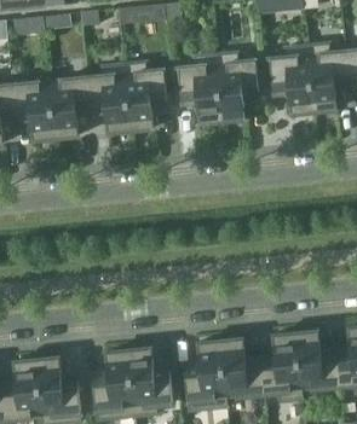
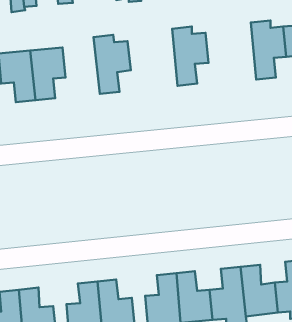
building: [269,47,313,116] -> none
building: [178,54,221,123] -> none
building: [87,64,131,132] -> none

